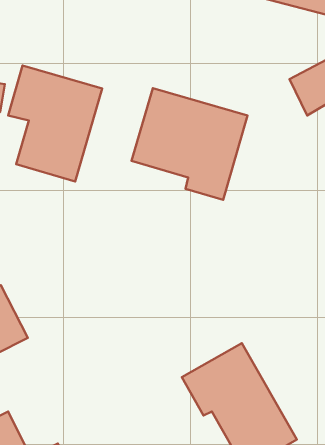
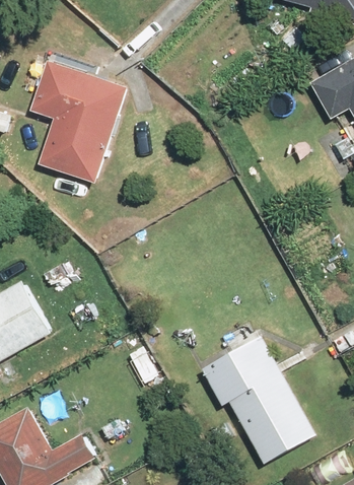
building: [131,88,247,200] -> none

